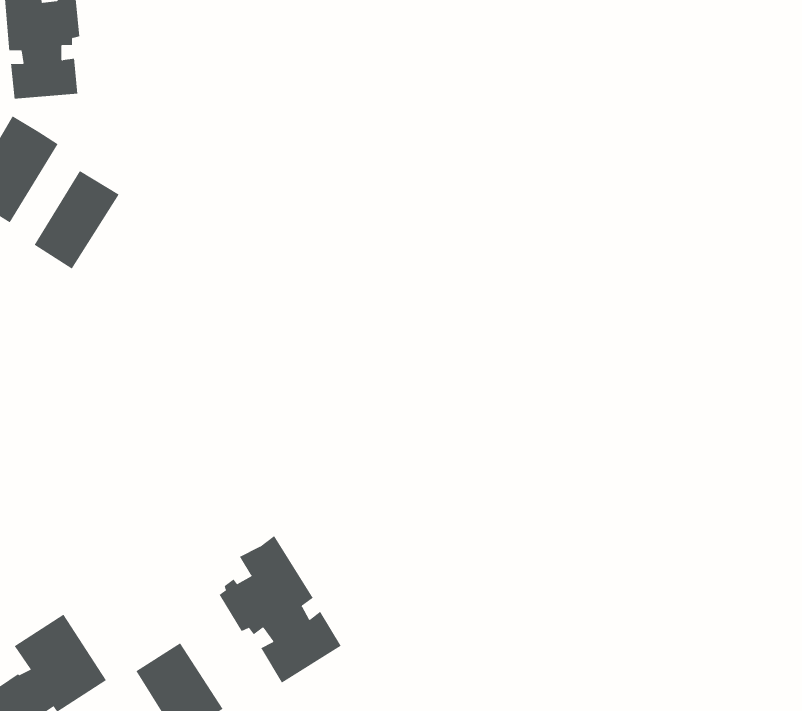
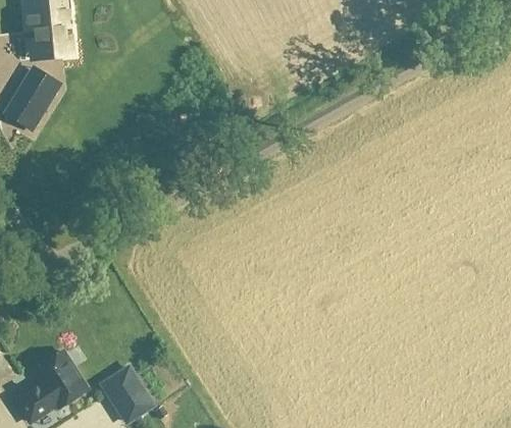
building: [34,170,119,269] -> none
building: [219,535,342,683] -> none

